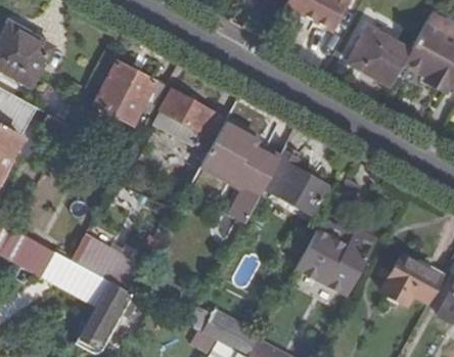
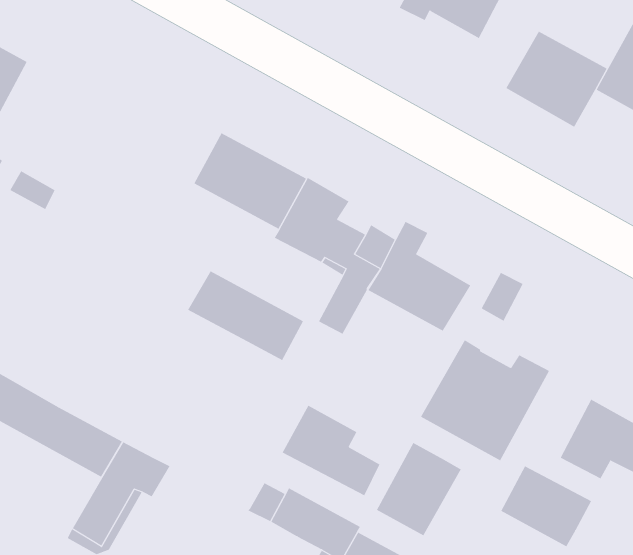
building: [93,59,165,123] -> none
building: [71,236,143,293] -> [187,270,304,361]
building: none -> [282,405,380,496]
building: none -> [376,442,461,536]
building: none -> [501,465,592,547]

